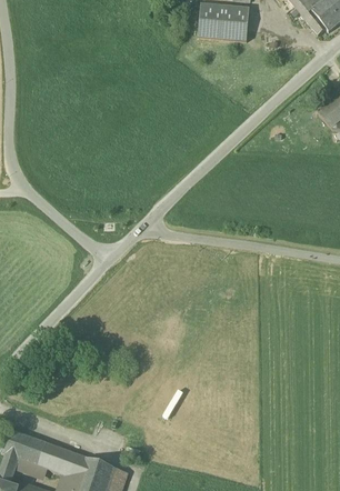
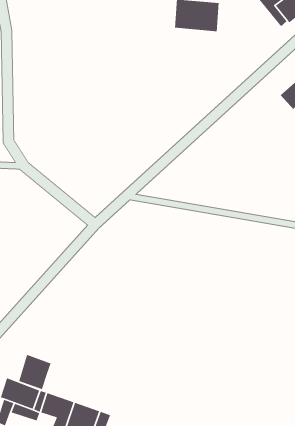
building: none -> [18,354,52,390]

